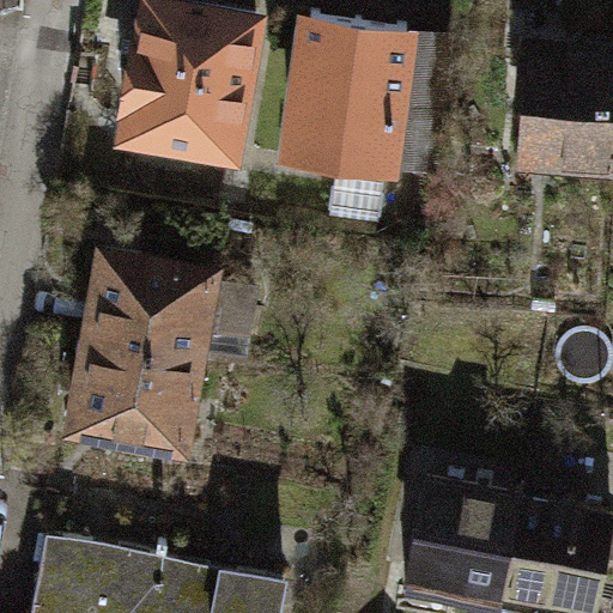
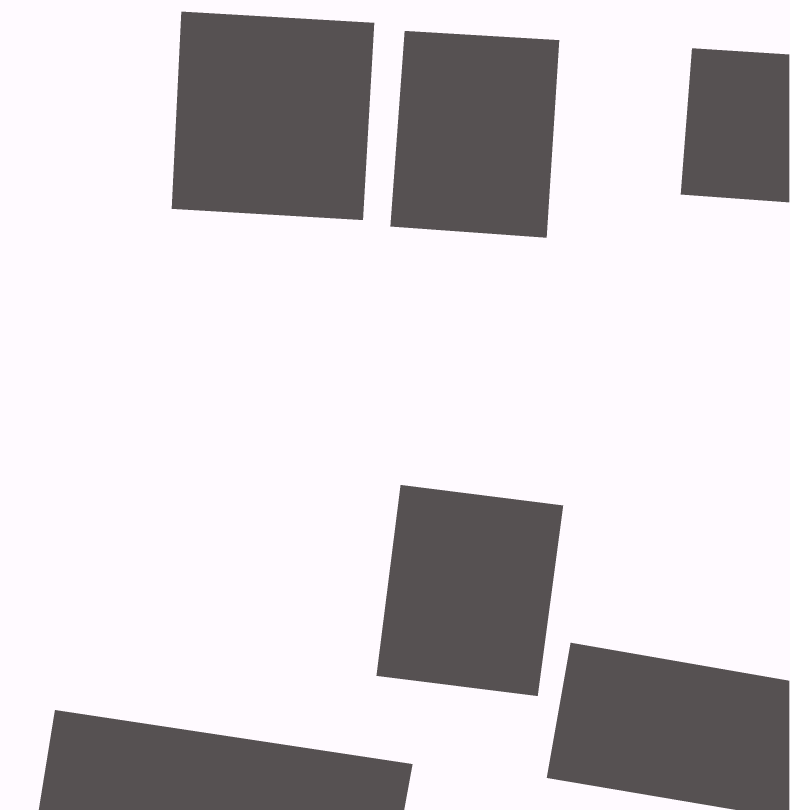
building: [75,243,235,468] -> none
building: none -> [376,484,564,697]

